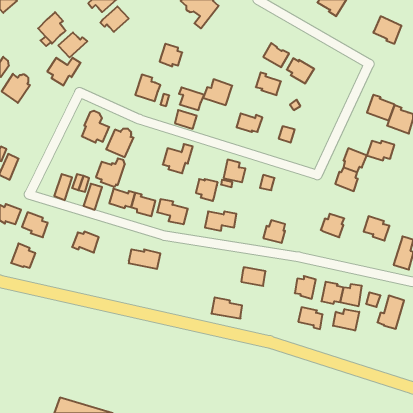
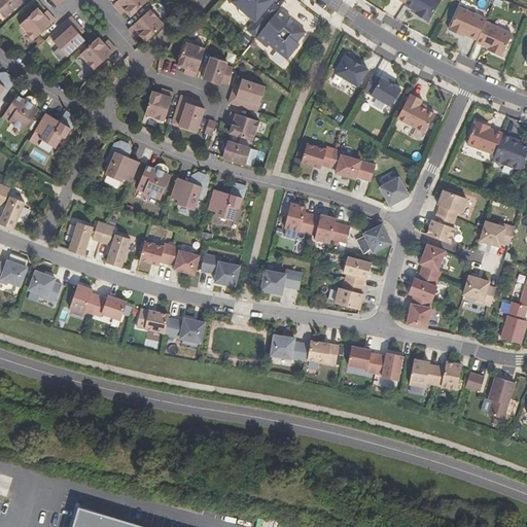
building: none -> [449,6,485,39]
building: none -> [19,7,55,39]
building: none -> [255,7,305,58]
building: none -> [177,42,205,76]
building: [47,58,81,85] -> [34,112,76,147]
building: none -> [144,90,173,120]
building: [256,72,281,95] -> [327,149,359,178]
building: none -> [396,93,433,132]
building: [203,79,232,105] -> [227,78,265,111]
building: none -> [380,177,407,204]
building: [367,141,394,160] -> [479,221,514,246]
building: [96,158,125,187] -> [170,173,207,209]
building: none -> [356,223,391,253]
building: [196,179,218,201] -> [308,214,336,242]
building: none -> [419,244,445,278]
building: none -> [343,256,371,285]
building: none -> [406,294,432,328]
building: none -> [137,308,168,331]
building: [11,243,35,268] -> [68,283,99,314]
building: [211,297,242,318] -> [270,333,309,360]
building: [298,307,323,329] -> [347,345,378,373]
building: [333,309,359,331] -> none

